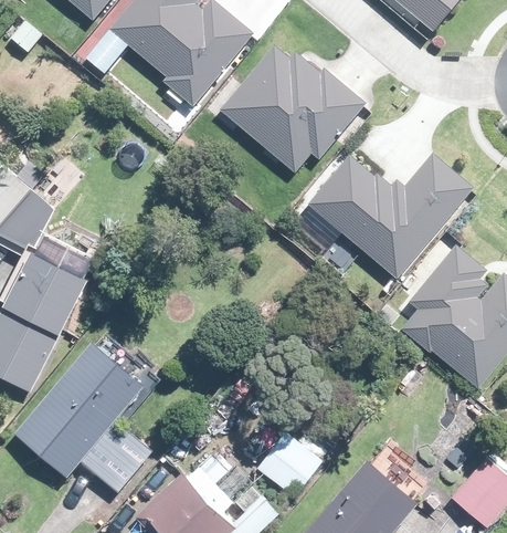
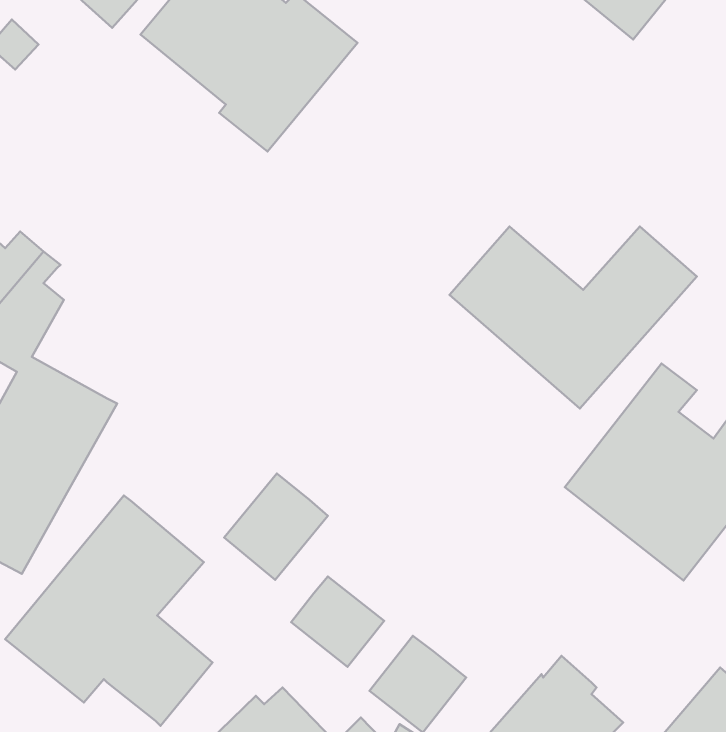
building: [204,36,370,185] -> none
building: none -> [224,474,328,580]
building: none -> [291,576,384,667]

